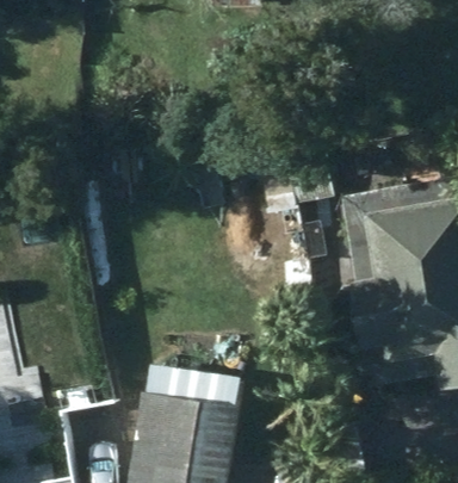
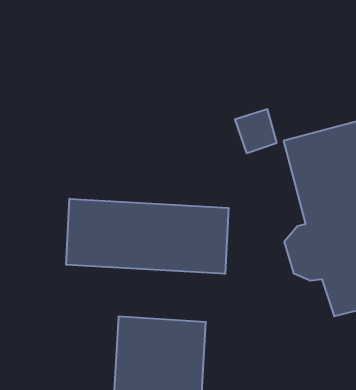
building: none -> [66,199,228,274]

